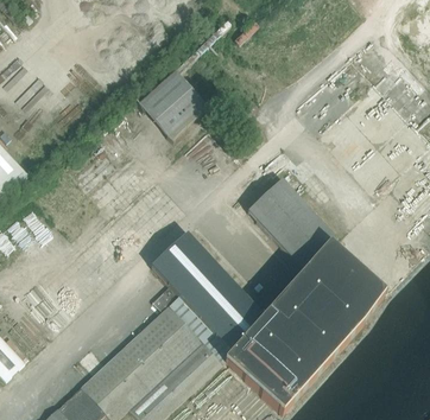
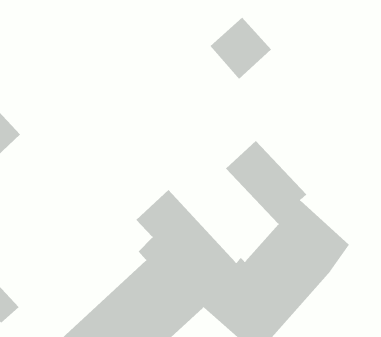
building: [138,70,205,139] -> [209,17,272,80]

